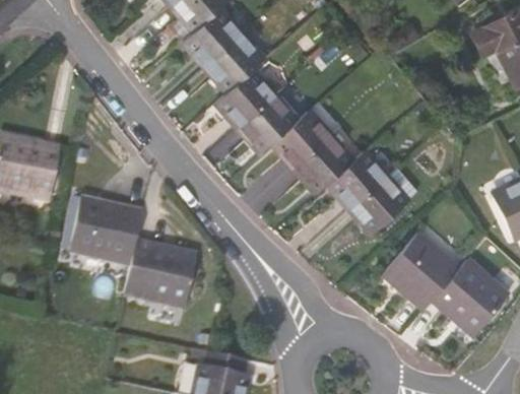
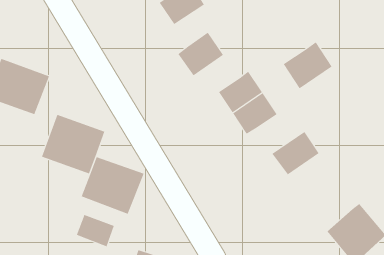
building: [213,42,268,94] -> none
building: [245,100,301,154] -> none
building: [328,151,388,211] -> [283,42,332,89]
building: [378,228,457,308] -> none
building: none -> [76,214,115,247]

